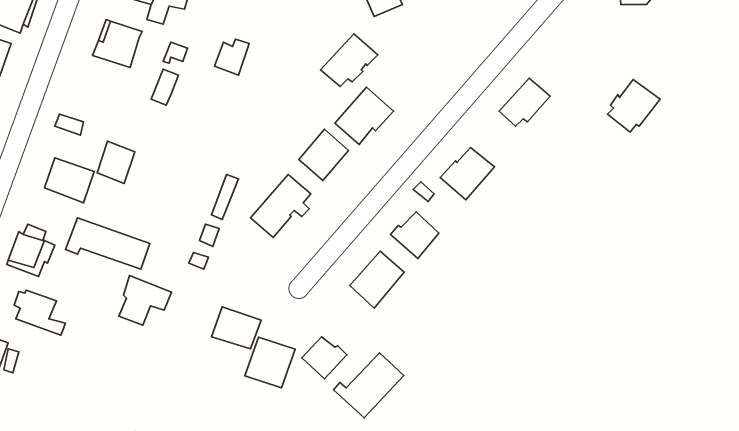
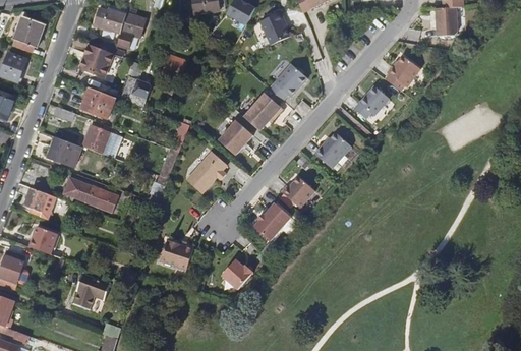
building: [321,34,378,86] -> [270,62,308,98]
building: [607,79,660,132] -> [386,53,421,89]
building: none -> [82,87,116,118]
building: [119,276,172,325] -> [74,272,110,305]
building: [245,337,295,388] -> none
building: [333,353,404,418] -> none

